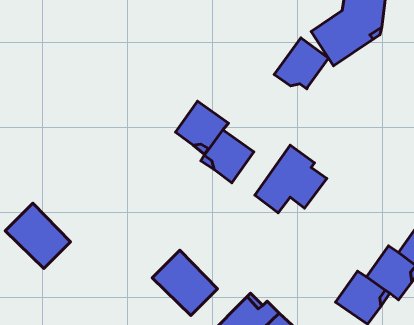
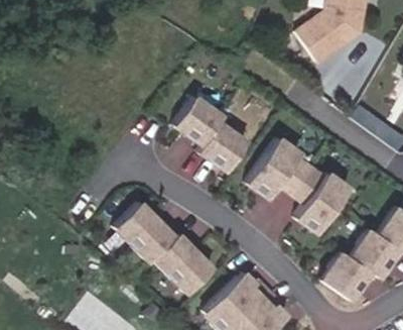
building: [274,38,328,89] -> none
building: none -> [292,167,350,233]
building: [5,203,70,268] -> [115,201,174,260]

